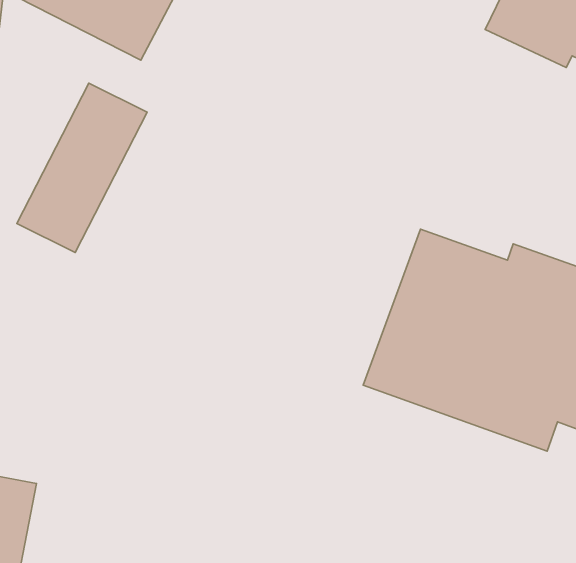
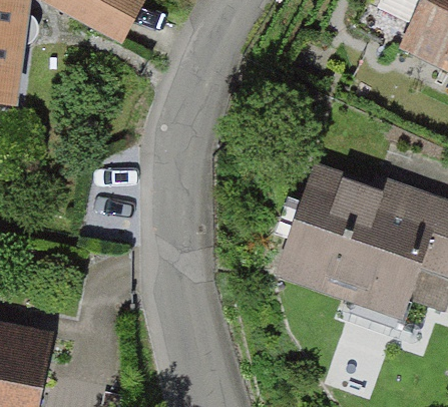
building: [17,83,147,252] -> none

